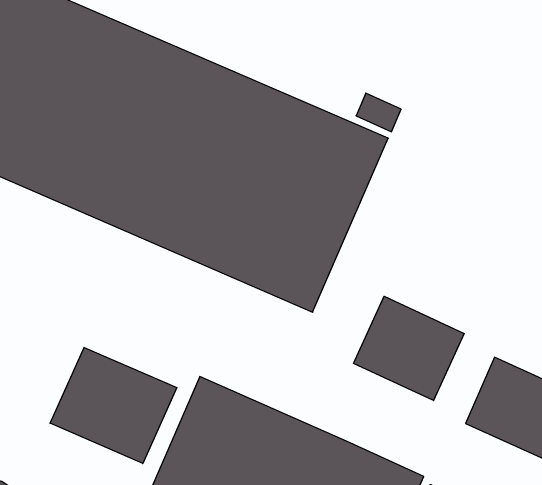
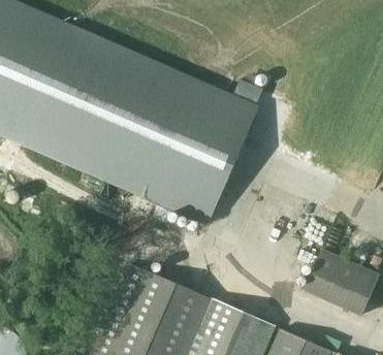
building: [354,296,464,401] -> none
building: [50,347,177,464] -> none

